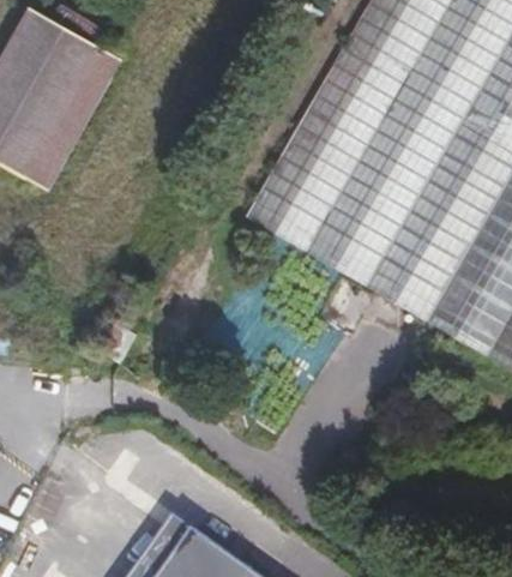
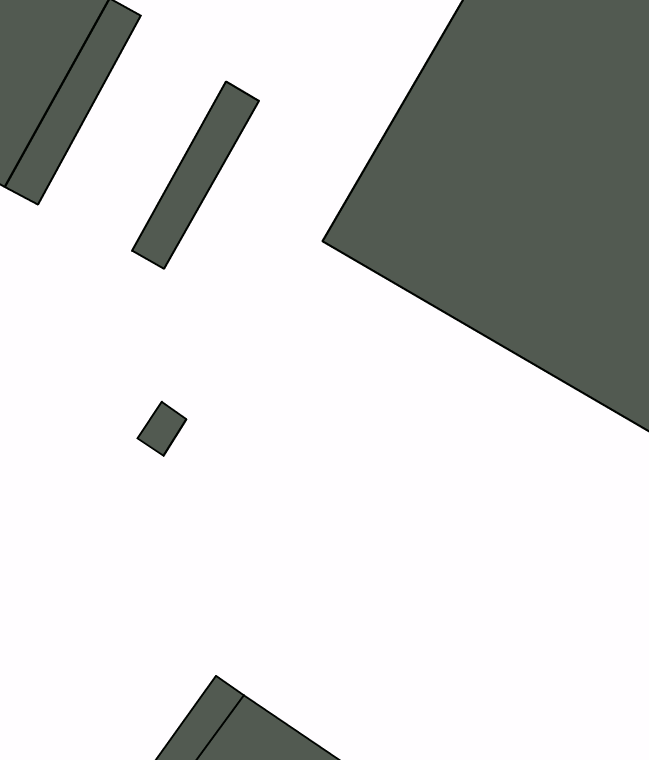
building: none -> [132,82,259,269]

